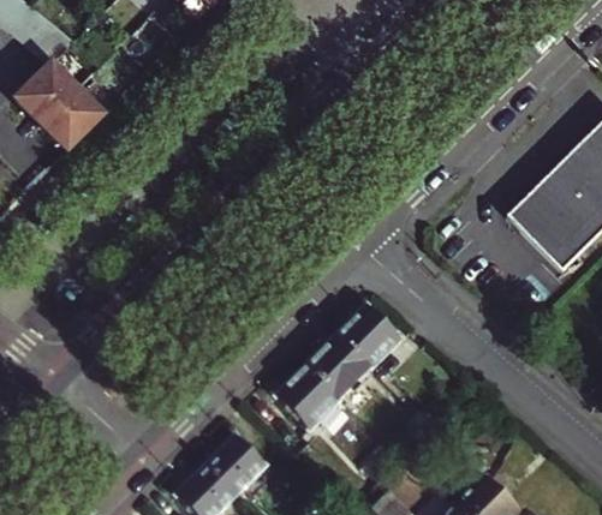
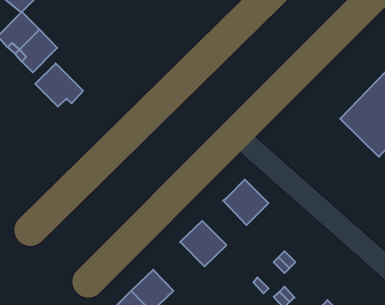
building: none -> [35,63,83,107]
building: [309,333,372,396] -> none

